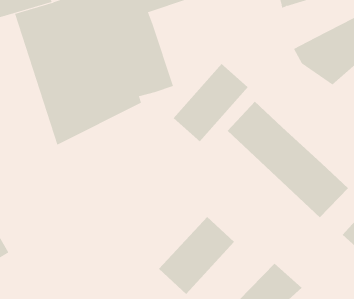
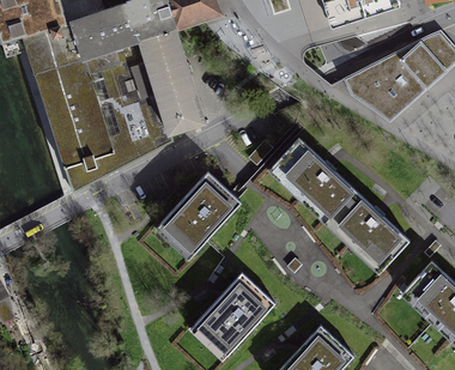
building: [173,63,249,142] -> [152,172,239,263]

